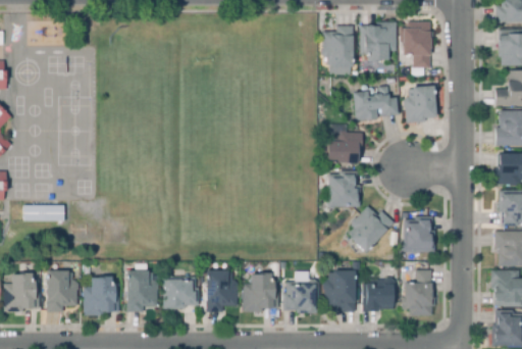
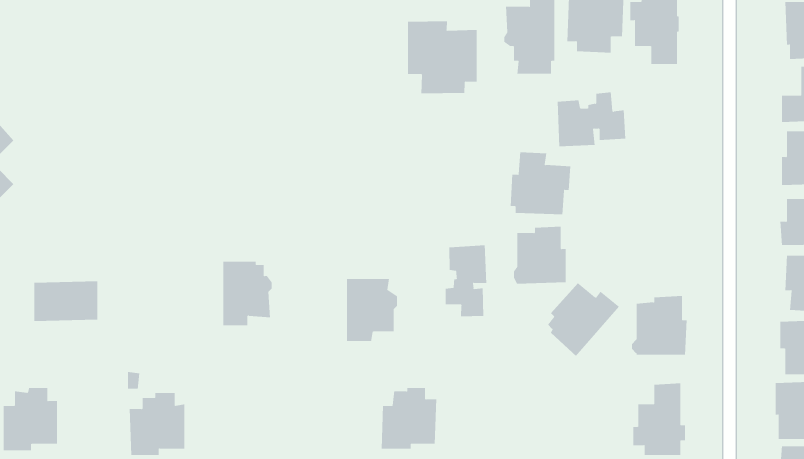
building: none -> [407,21,477,94]
building: [403,85,436,122] -> none
building: none -> [445,245,487,317]
building: [47,270,79,312] -> none
building: [126,270,158,311] -> [222,261,272,326]
building: [322,270,356,311] -> none
building: [206,271,239,311] -> [346,279,398,342]
building: [162,273,198,309] -> none
building: [362,278,394,312] -> none
building: [282,279,318,313] -> none

